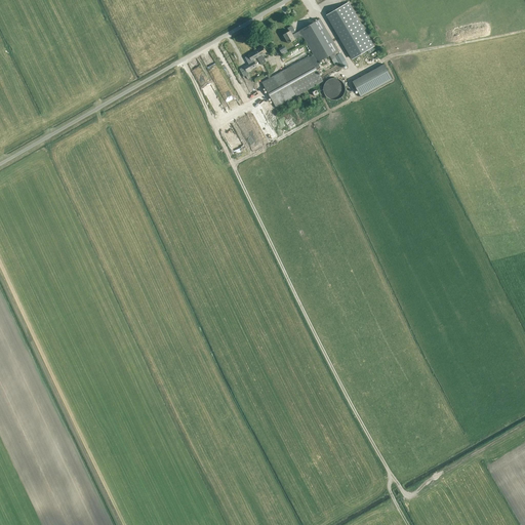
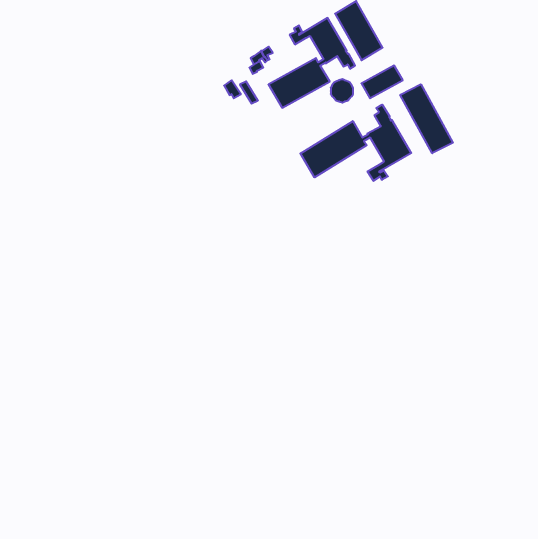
building: none -> [400,84,453,153]
building: none -> [300,105,411,181]

